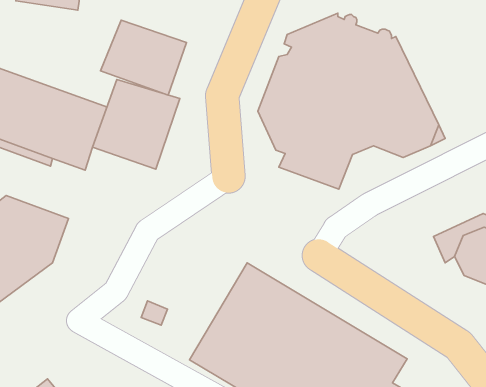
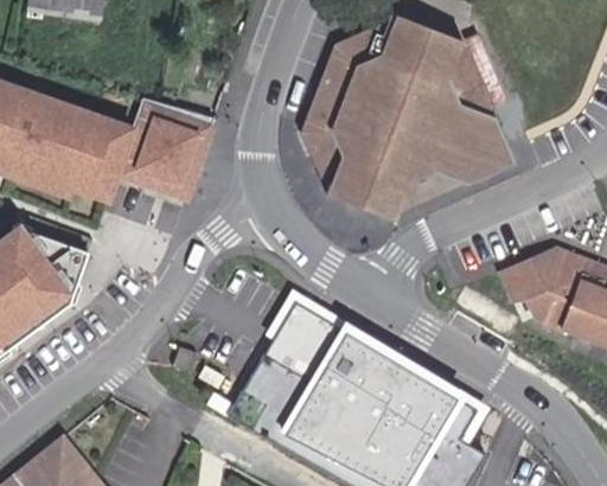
building: [100,20,187,95] -> none

